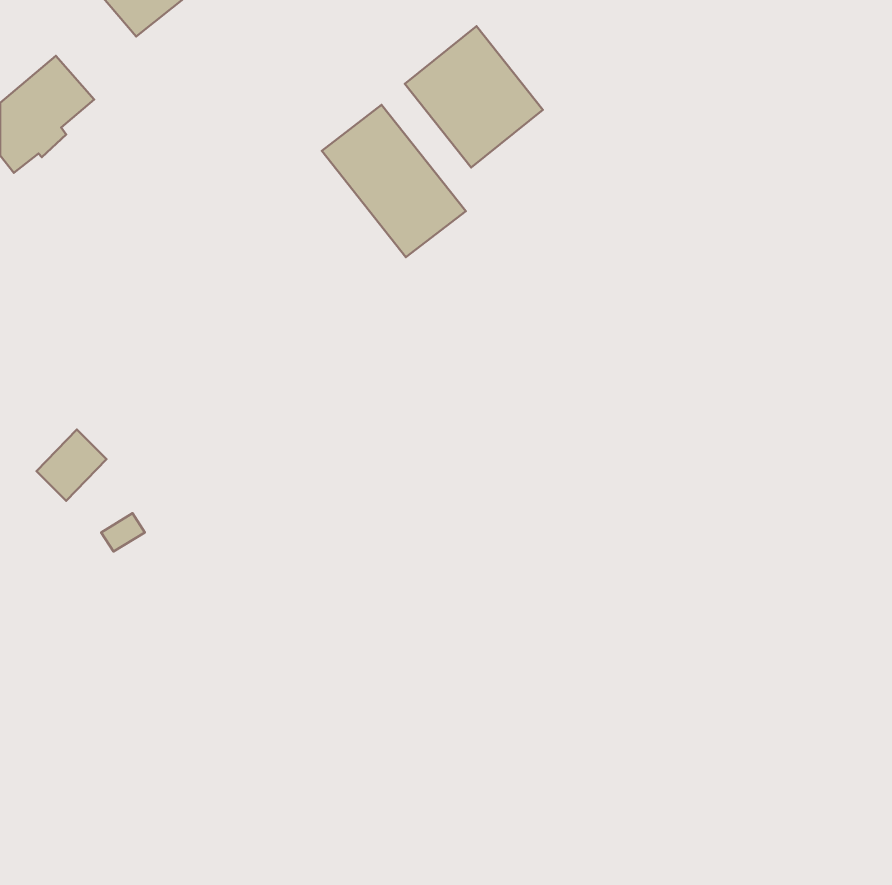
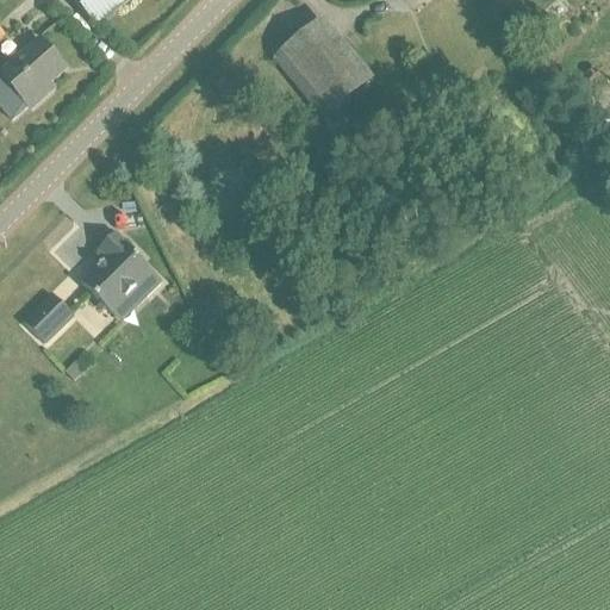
building: [322,105,466,257] -> none
building: none -> [82,232,162,312]

